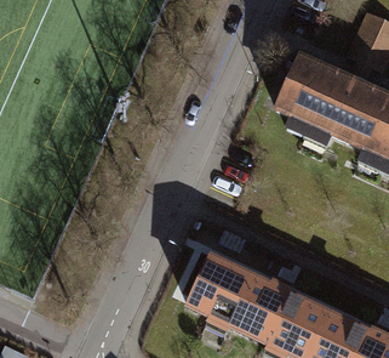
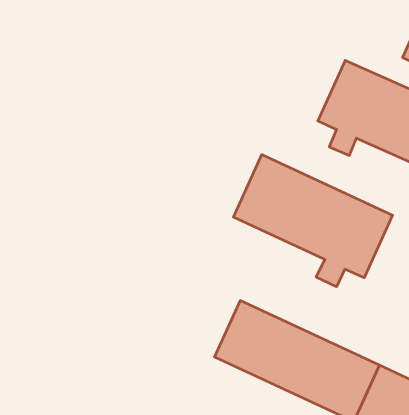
building: none -> [233,155,393,287]

